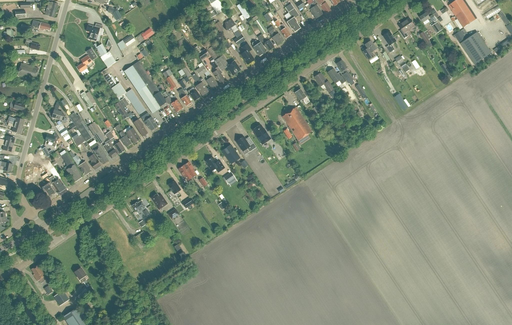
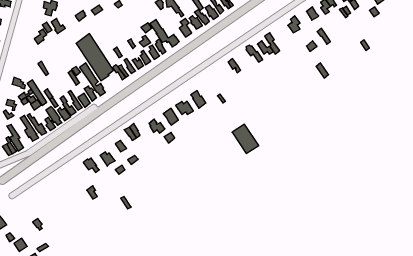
building: [461,31,492,63] -> none
building: [282,107,312,140] -> [232,124,259,154]

